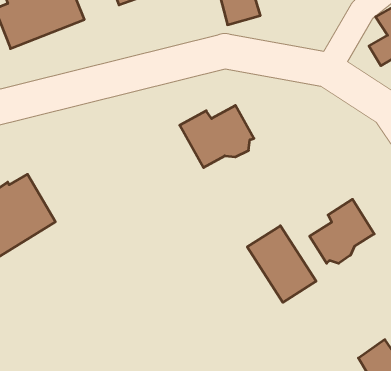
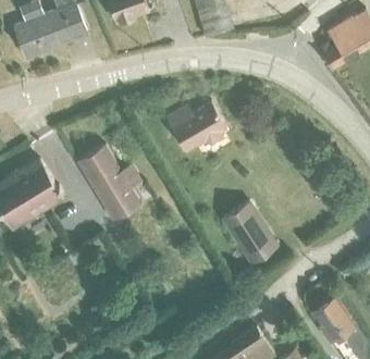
building: none -> [75,144,141,220]
building: [310,199,374,263] -> none

